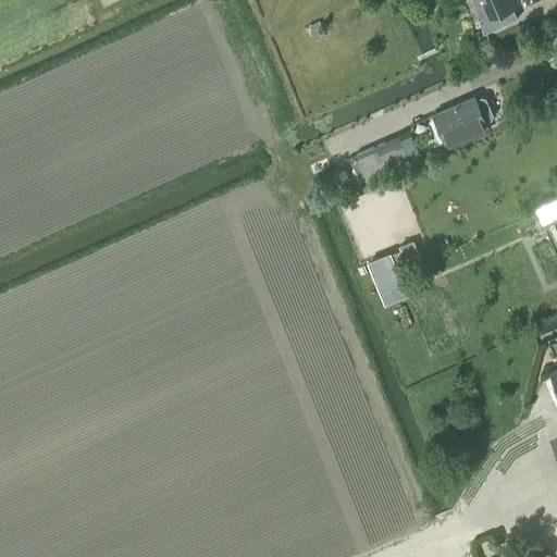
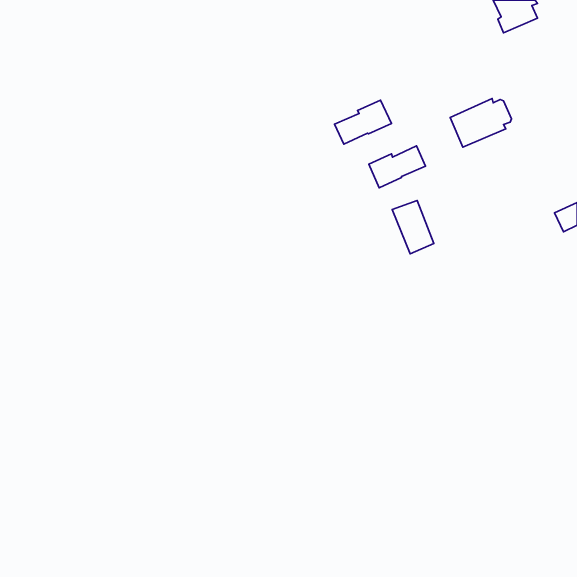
building: none -> [334,100,391,144]
building: [367,253,407,305] -> [392,201,434,254]

